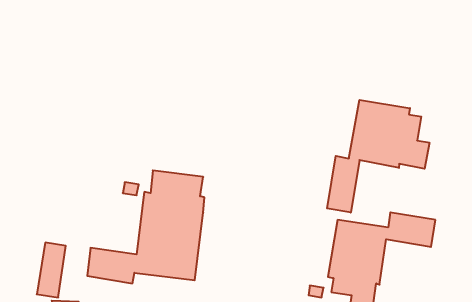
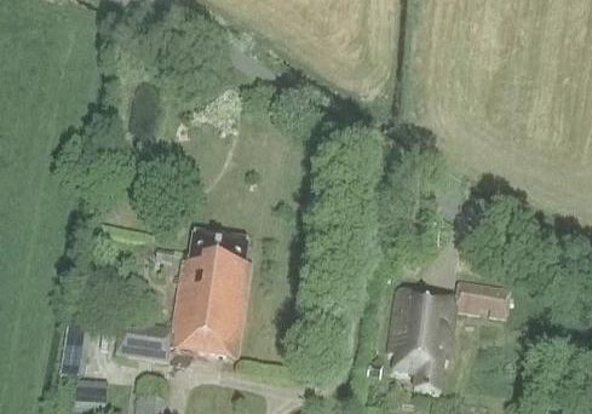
building: [327,100,429,213] -> none

